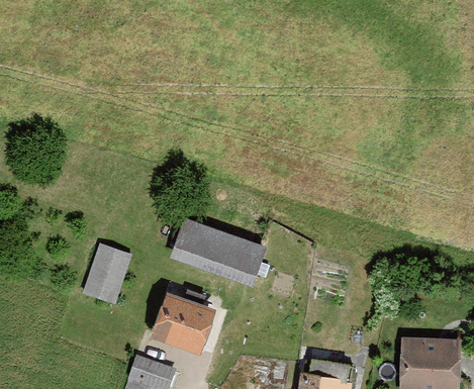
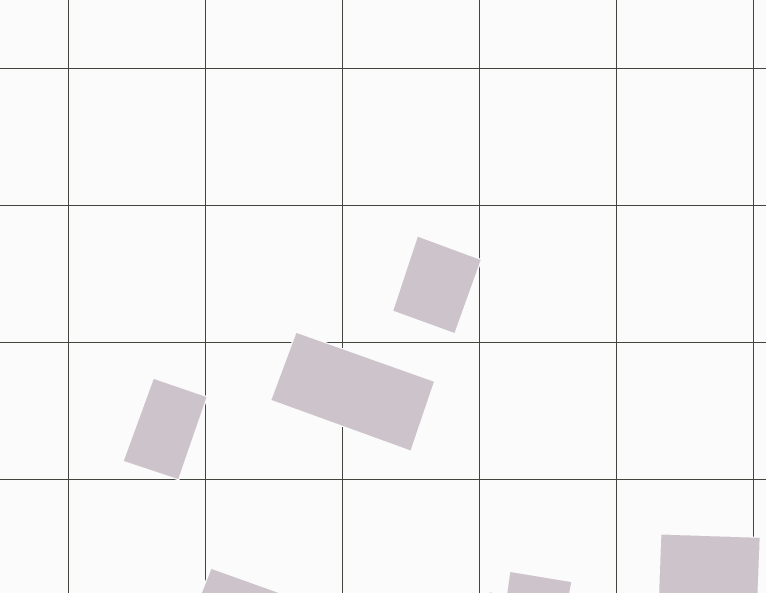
building: none -> [392,236,481,334]
building: [151,291,216,355] -> none

